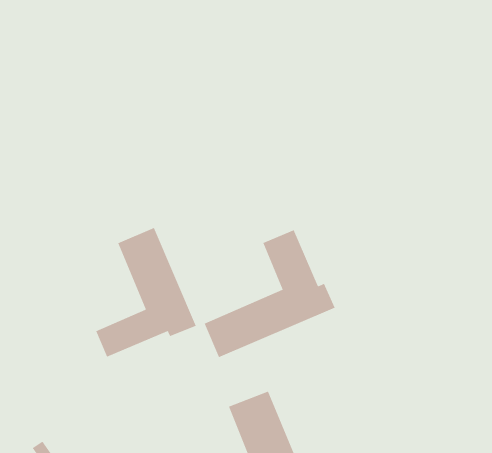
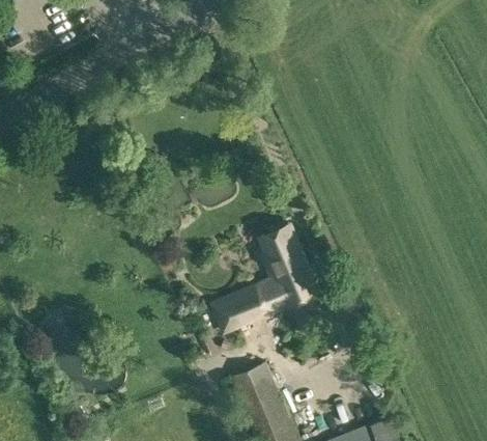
building: [95,227,196,357] -> none

